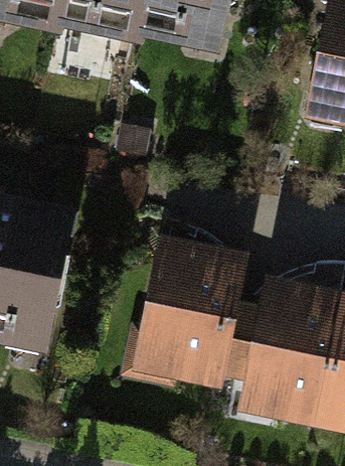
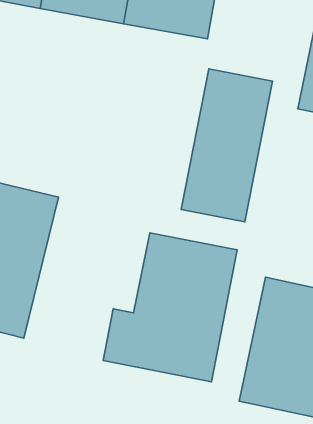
building: none -> [181,69,272,222]

